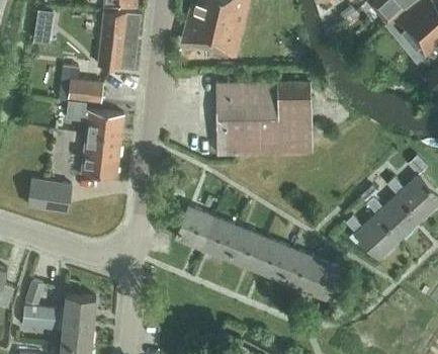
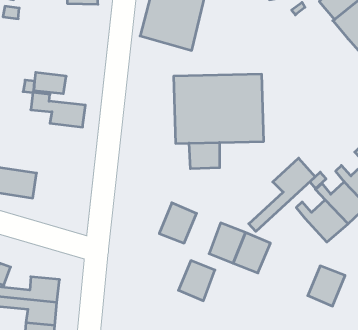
building: [97,10,140,70] -> none
building: [84,134,120,176] -> none
building: none -> [189,142,220,169]
building: none -> [249,158,315,231]
building: [175,207,214,250] -> none
building: [228,229,266,271] -> [178,261,215,301]
building: [305,260,345,302] -> [308,266,345,306]

